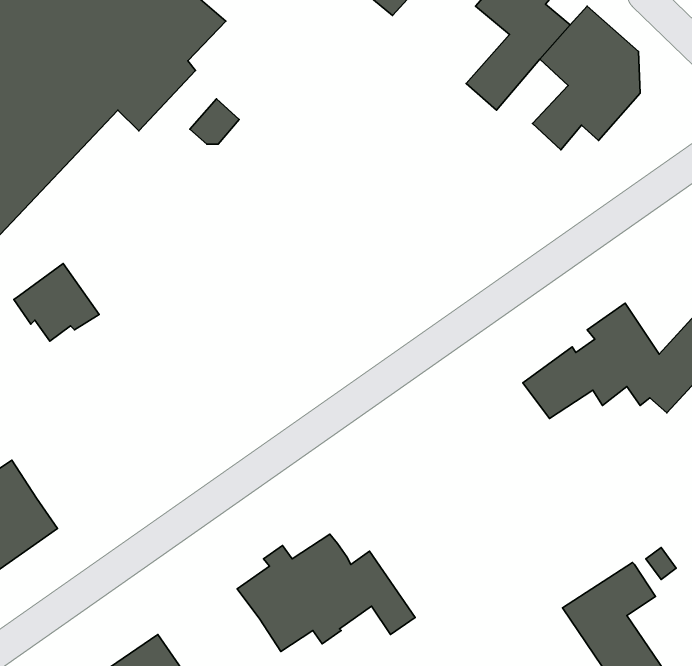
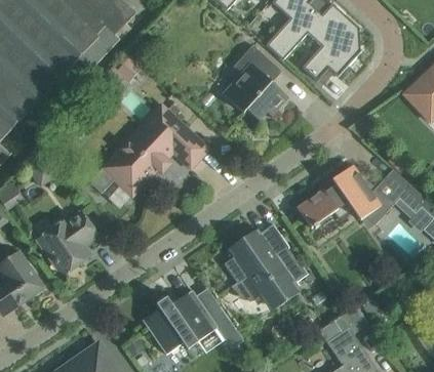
building: none -> [223,45,287,120]
building: none -> [89,105,208,196]
building: none -> [38,213,96,275]
building: none -> [224,223,308,312]

